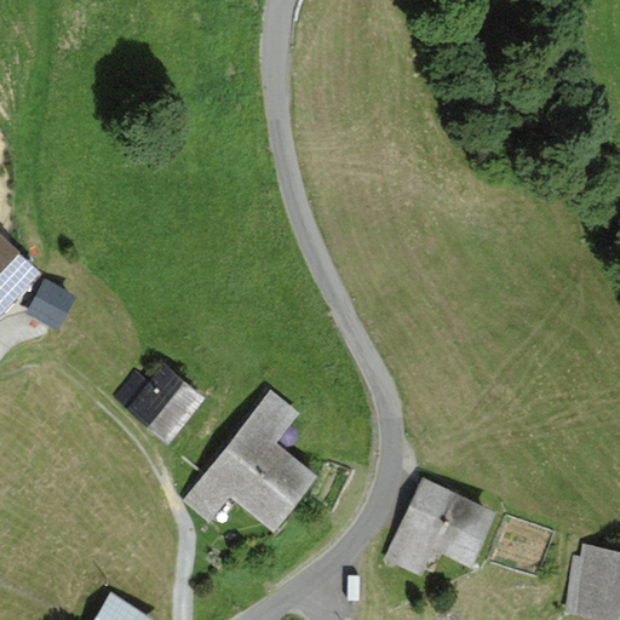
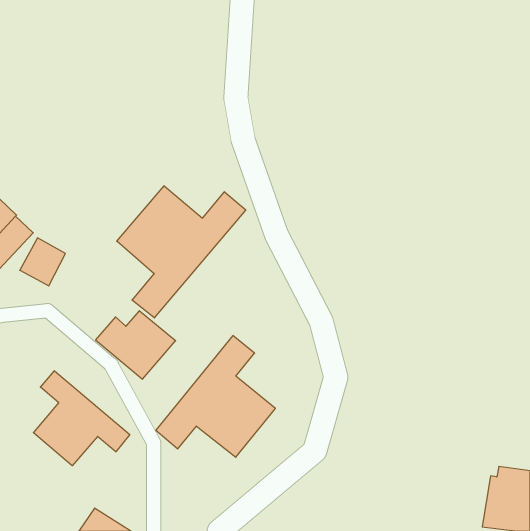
building: none -> [117,186,246,318]
building: none -> [33,371,130,466]
building: [384,477,495,576] -> none

